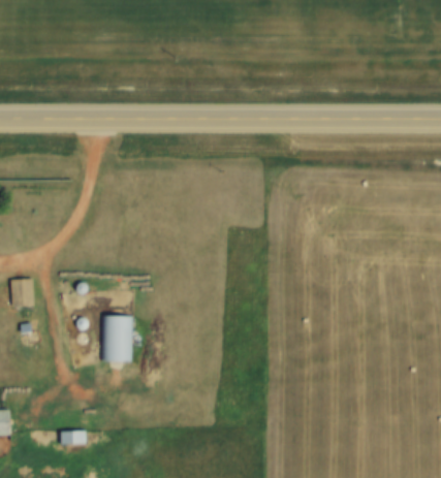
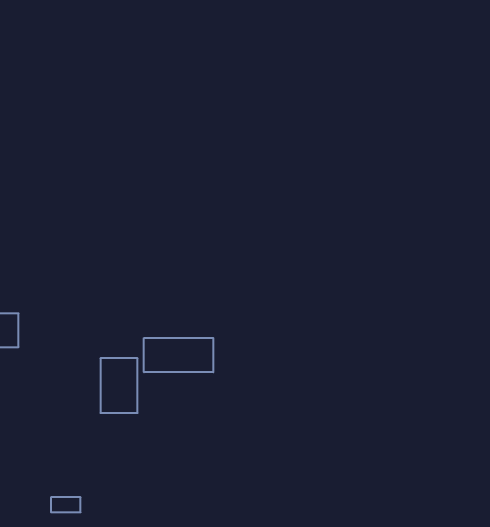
building: none -> [144,338,213,372]

